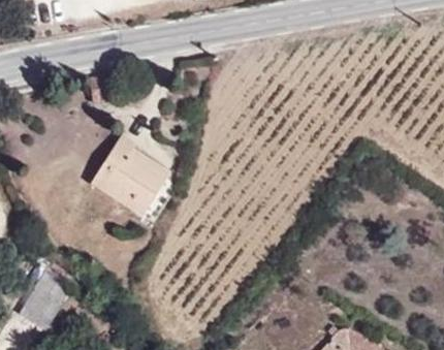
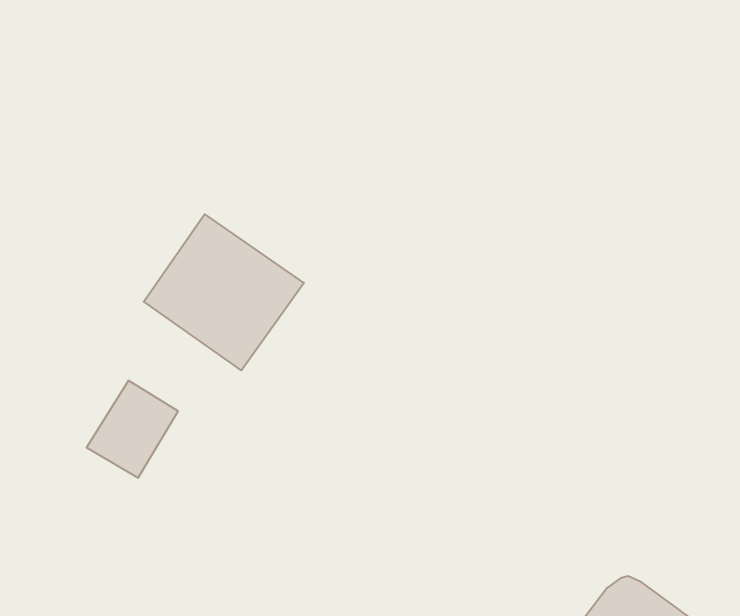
building: [25,275,74,327] -> [87,381,178,478]

